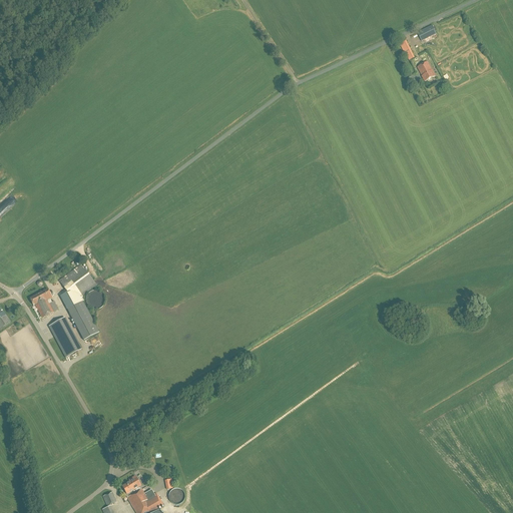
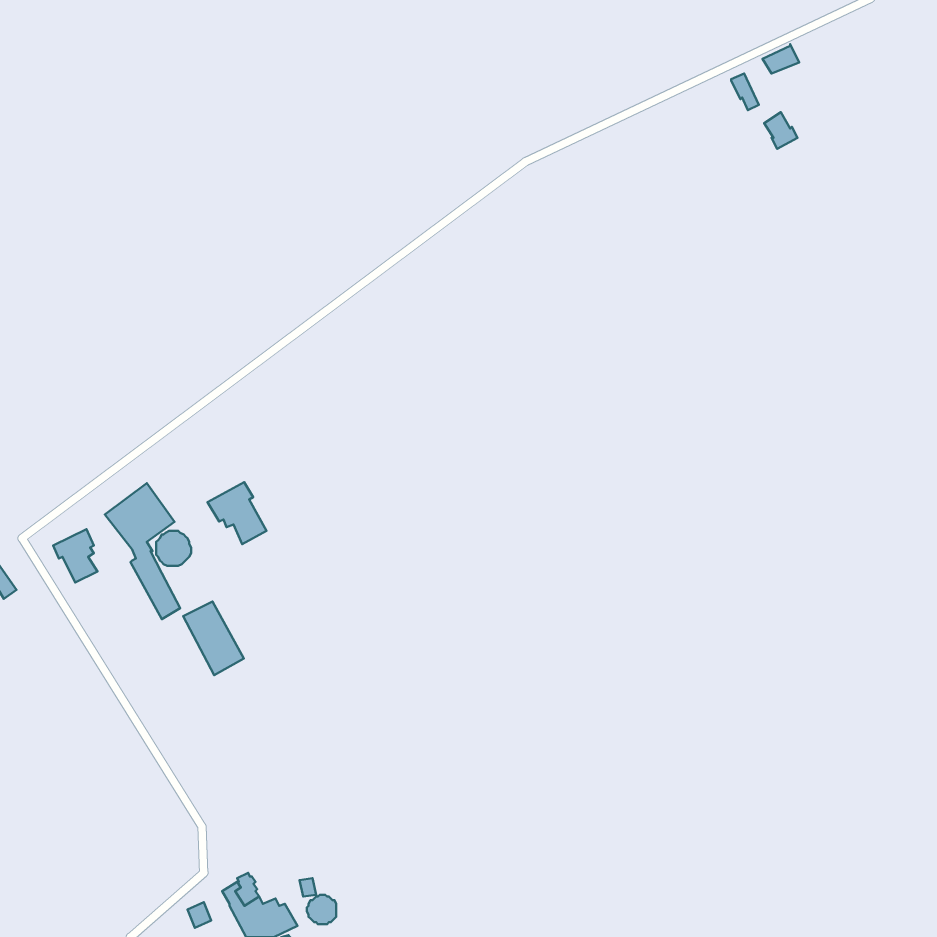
building: none -> [208,482,266,544]
building: [48,318,81,358] -> [183,602,244,675]

